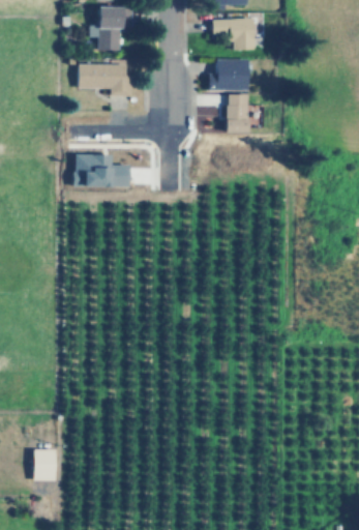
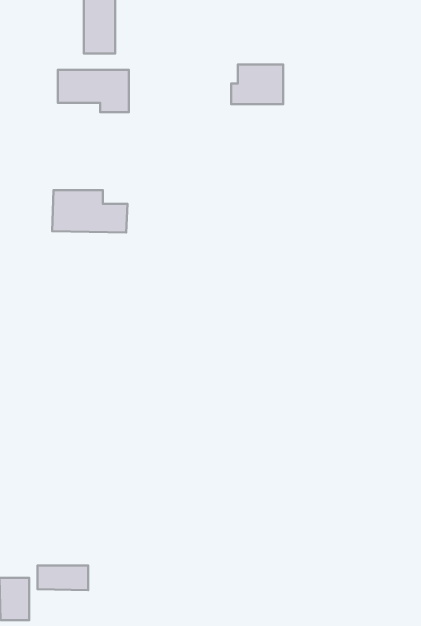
building: [212,19,261,49] -> none
building: [226,94,248,132] -> none
building: none -> [37,566,88,590]

